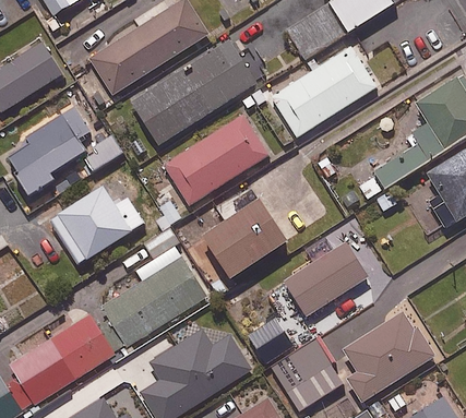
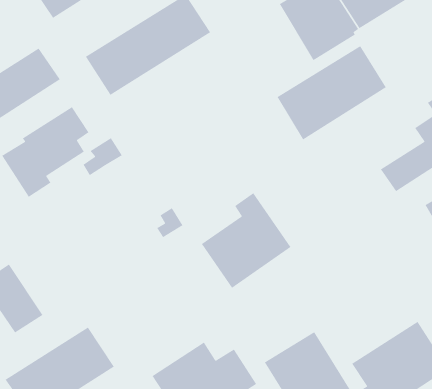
building: [130,39,255,145] -> none
building: [163,114,268,206] -> none
building: [52,189,145,267] -> none
building: [105,226,208,345] -> none
building: [282,242,368,317] -> none

